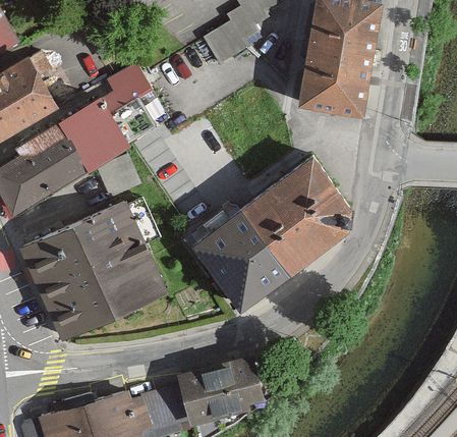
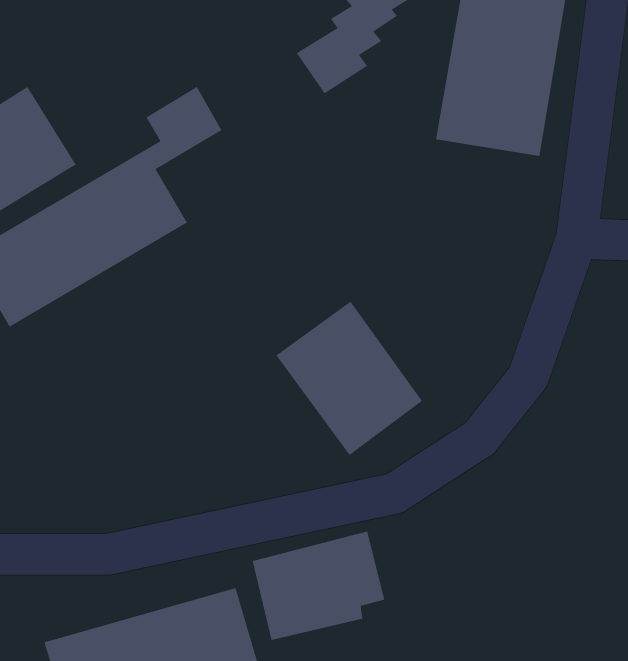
building: [237,150,348,266] -> none
building: [19,204,166,343] -> none

